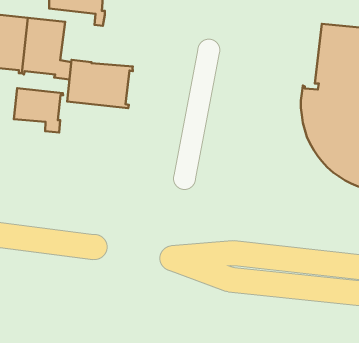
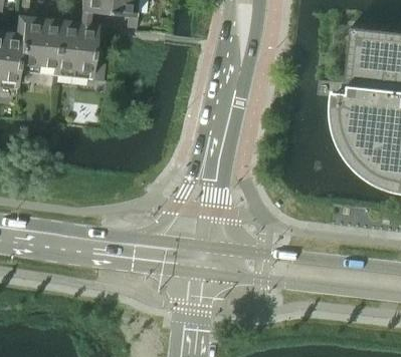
building: [67,60,133,108] -> none
building: [14,88,63,133] -> none

